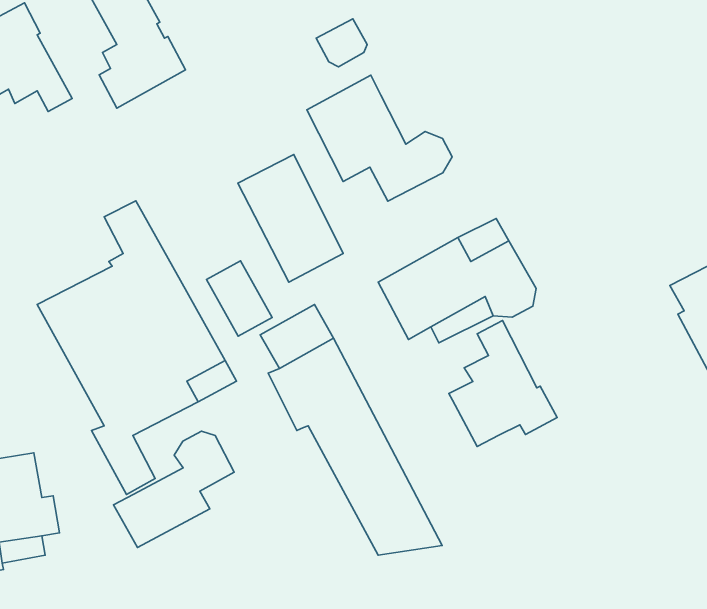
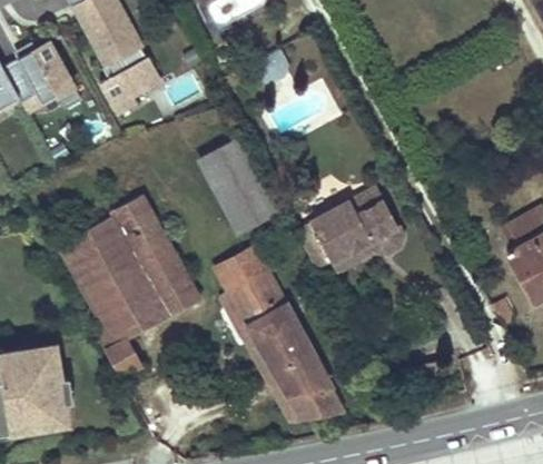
building: [307,75,452,201] -> none
building: [207,261,272,336] -> none
building: [449,321,557,447] -> none
building: [113,431,234,547] -> none

